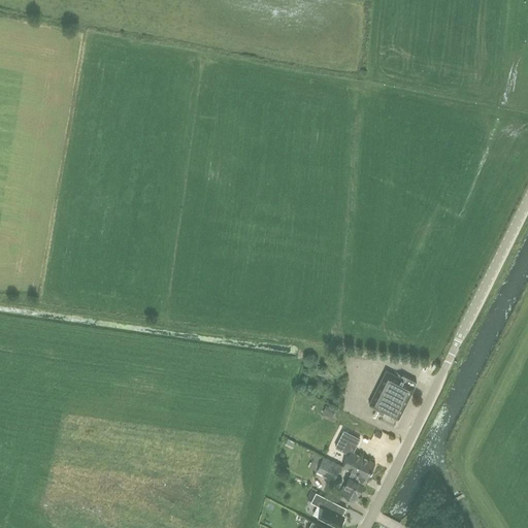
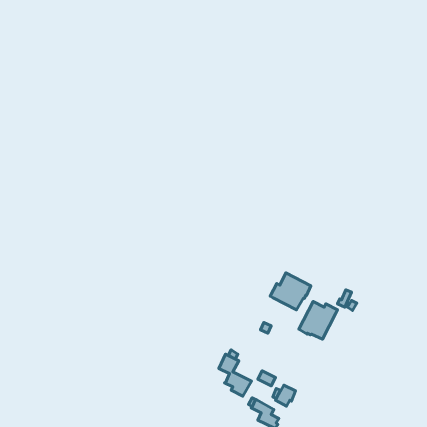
building: none -> [270,273,311,310]
building: [334,431,374,483] -> [219,354,251,396]

